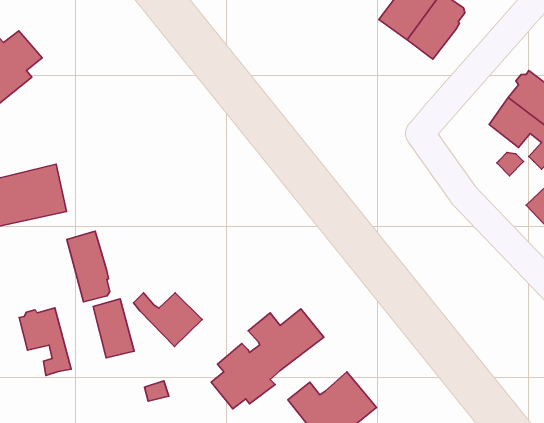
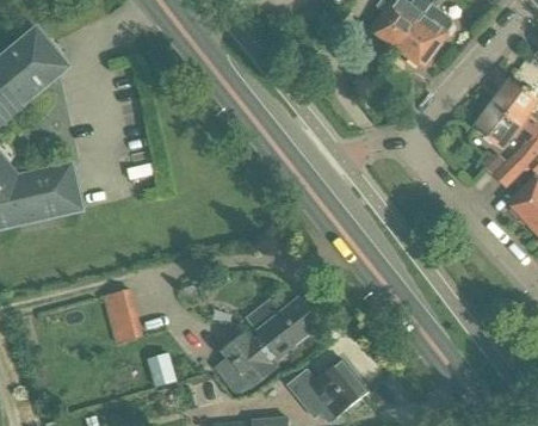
building: [67,231,110,302] -> none
building: [133,293,202,347] -> none
building: [19,308,71,375] -> none

